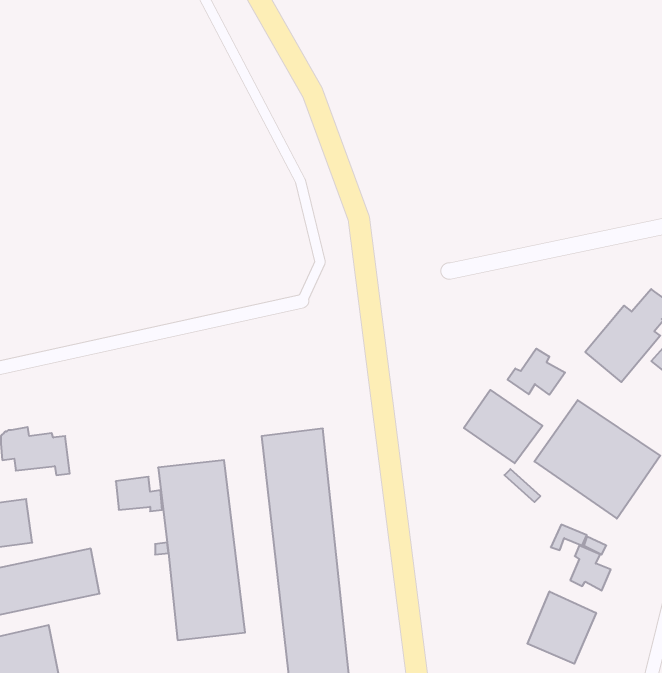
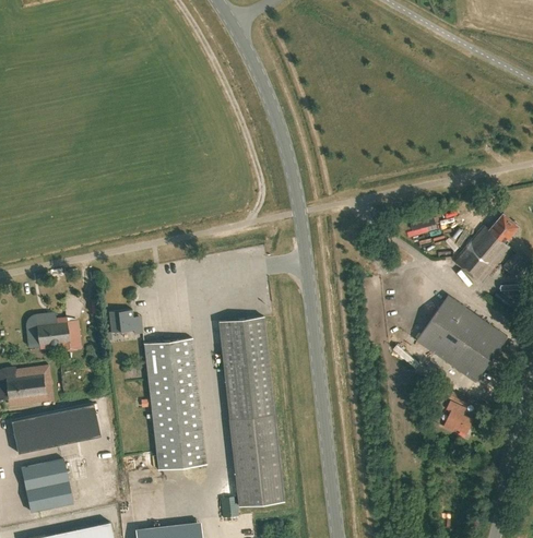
building: [508,349,565,395] -> none
building: [464,390,542,463] -> none
building: [116,477,162,511] -> [108,310,142,335]
building: [527,591,596,664] -> none

